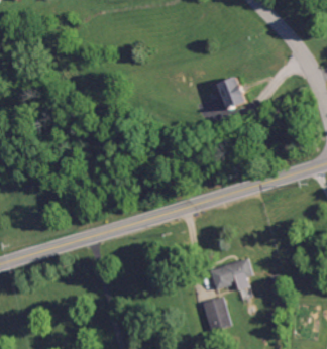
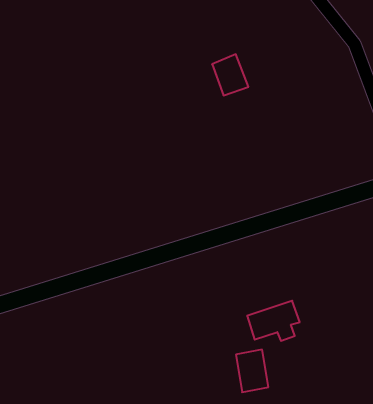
building: [219,76,248,109] -> [212,54,248,95]

